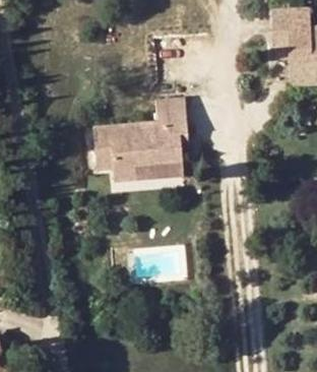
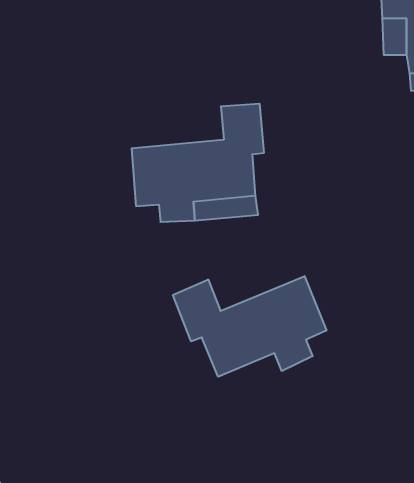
building: none -> [173,276,327,377]

